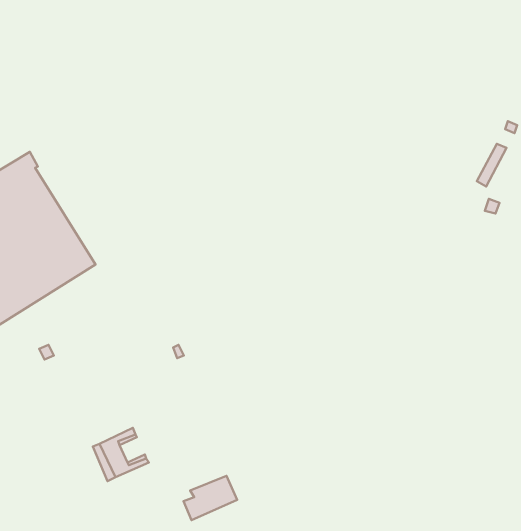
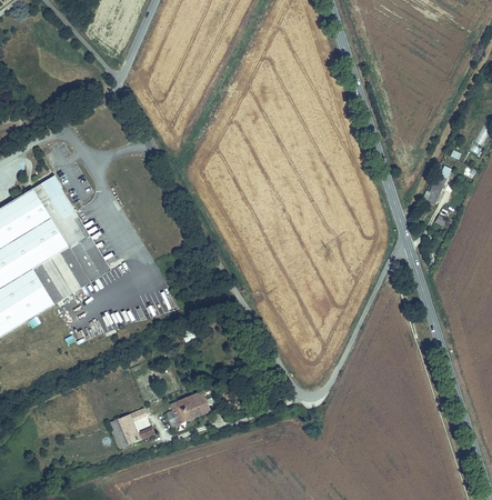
building: [184,476,237,520] -> [162,390,207,427]

